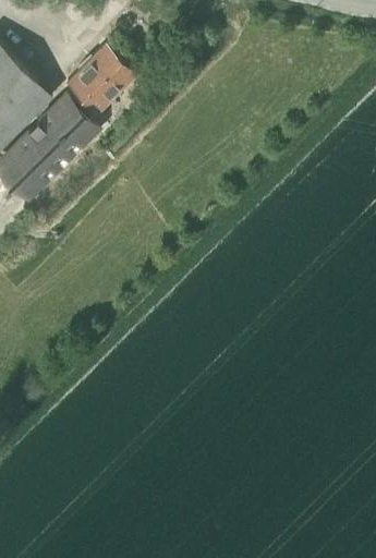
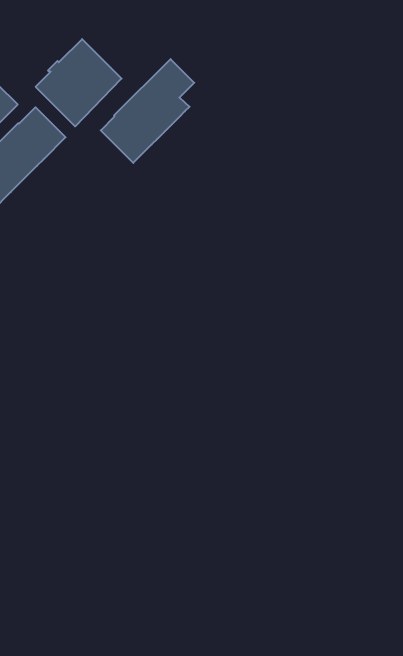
building: none -> [101,59,194,163]

